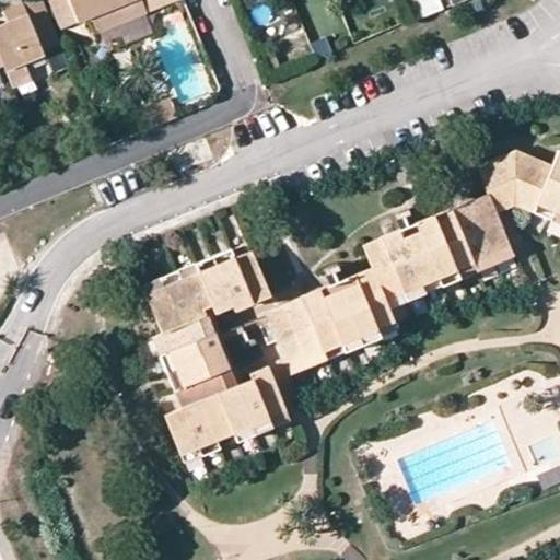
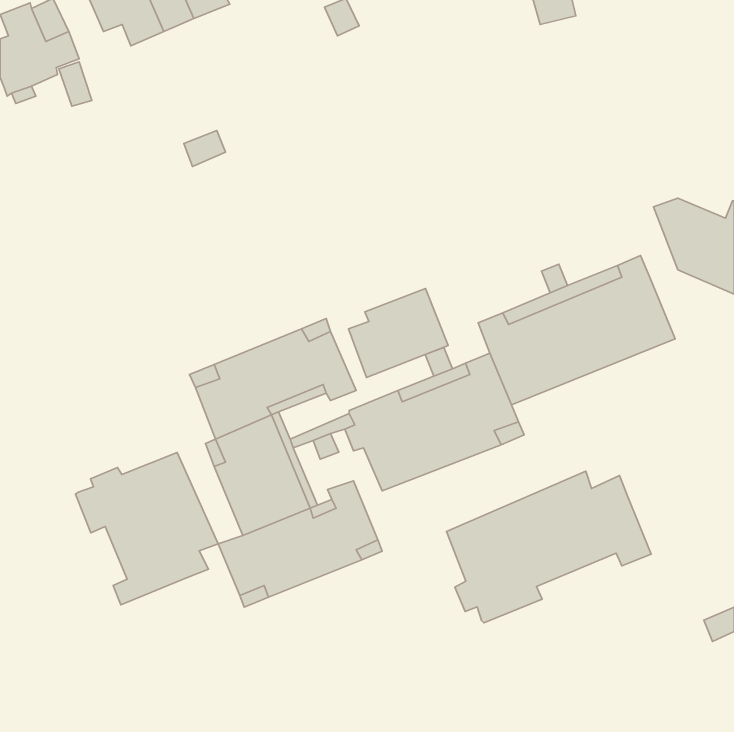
building: [478,158,516,213] -> none
building: none -> [349,289,448,377]
building: none -> [75,452,218,605]
building: none -> [447,471,651,623]

